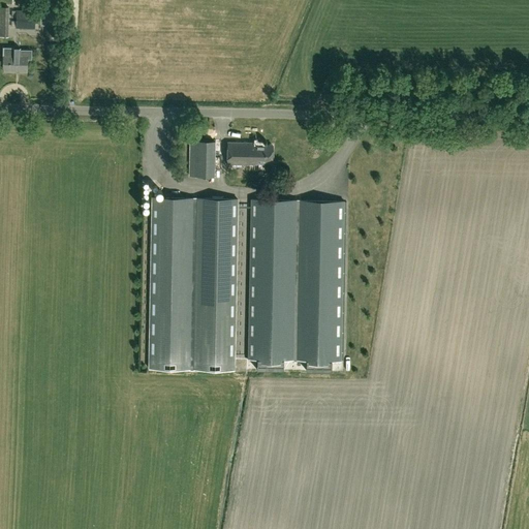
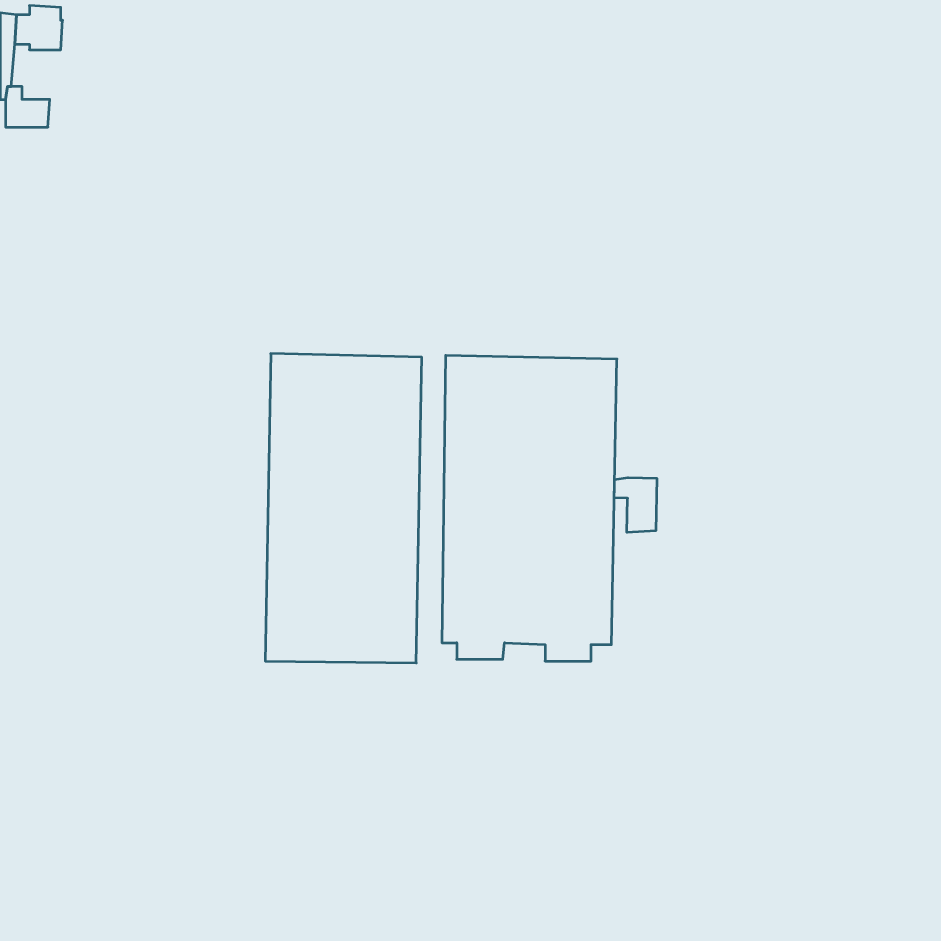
building: [189,141,215,175] -> none
building: [226,143,273,165] -> none
building: none -> [614,478,657,532]

